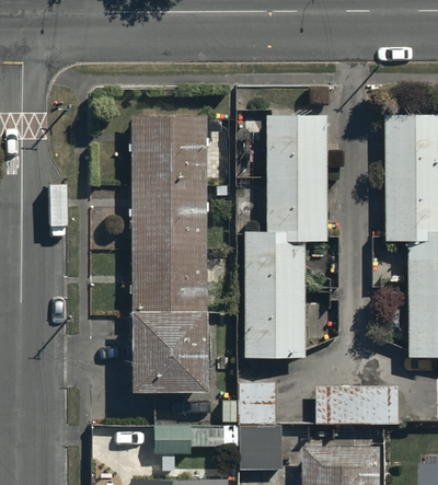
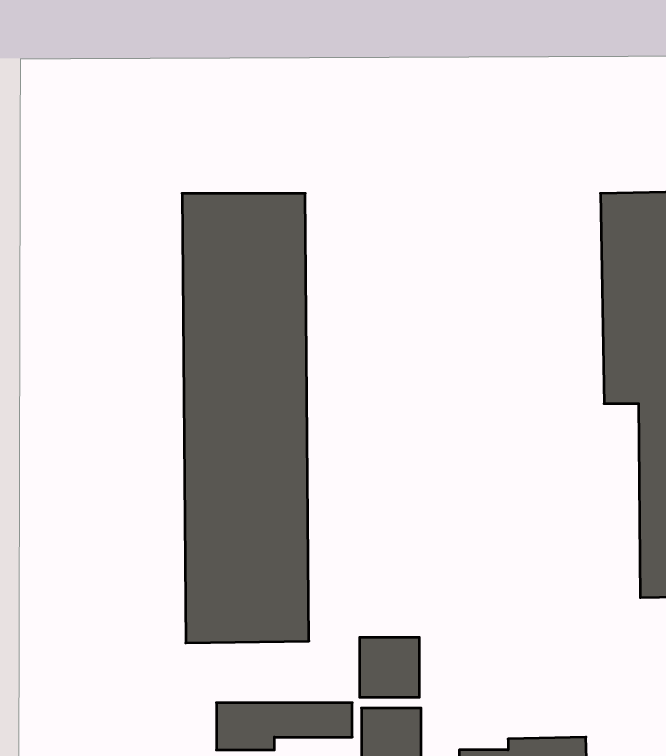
building: [247,115,327,360] -> none
building: [314,388,397,422] -> none

